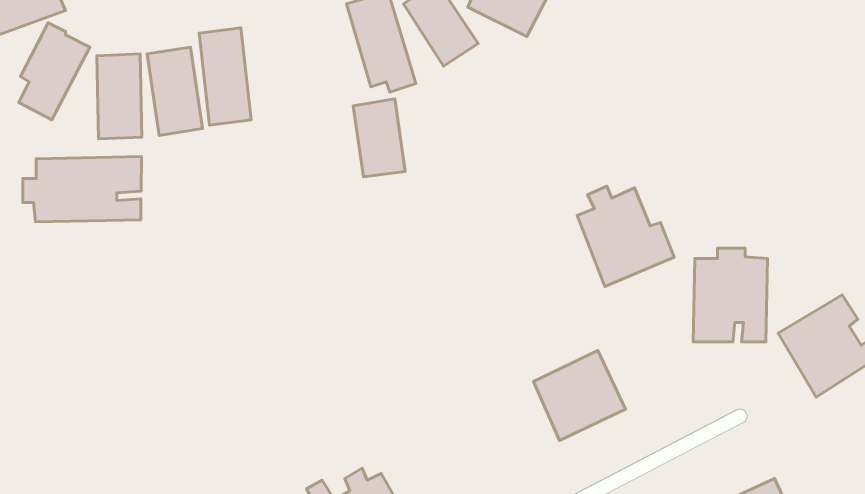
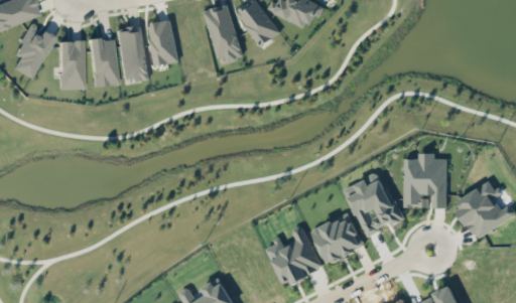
building: [353,99,405,177] -> [147,19,177,64]
building: [23,157,141,222] -> none
building: [577,186,674,287] -> [349,178,405,237]
building: none -> [265,223,322,285]

